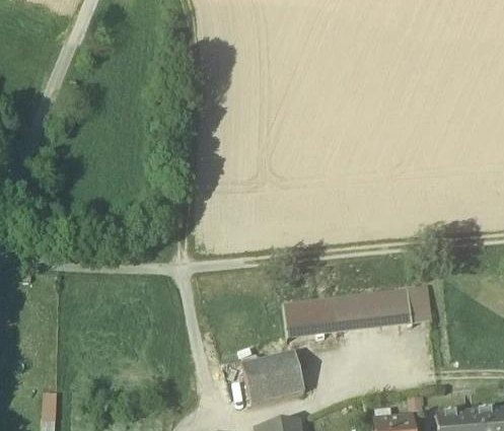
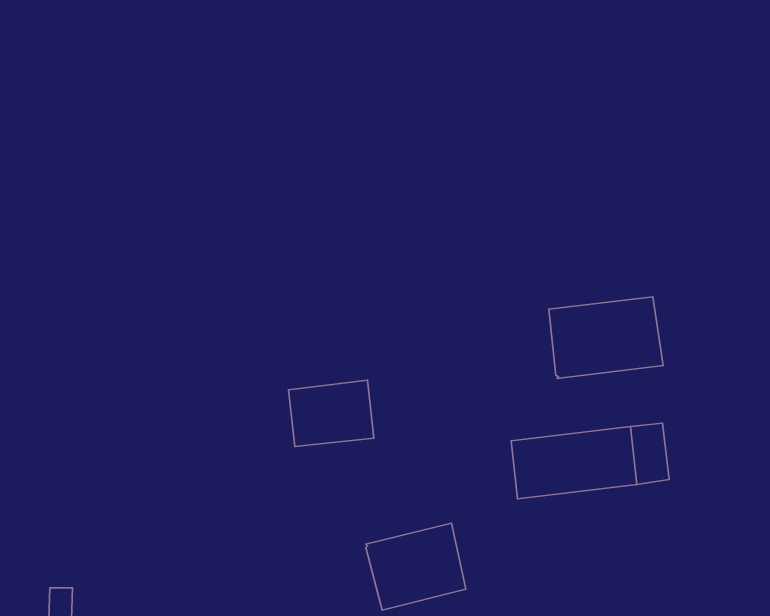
building: none -> [549,297,663,379]
building: [283,296,337,338] -> [288,380,374,446]

